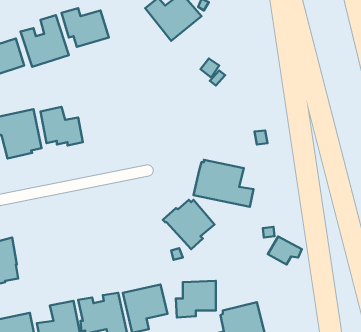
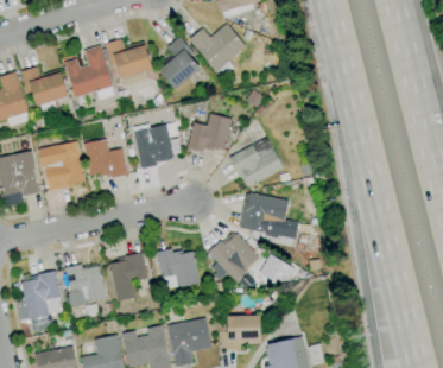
building: none -> [156,37,200,90]
building: none -> [186,114,232,152]
building: none -> [133,125,181,169]
building: none -> [228,138,284,186]
building: none -> [156,249,200,288]
building: none -> [108,253,147,302]
building: none -> [62,264,106,307]
building: [268,236,302,265] -> [259,255,293,284]

